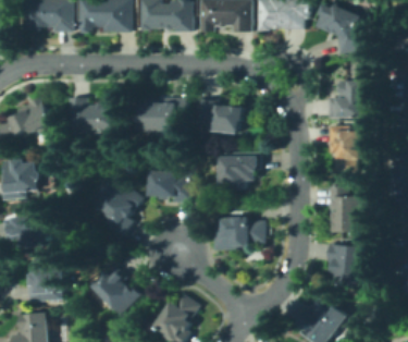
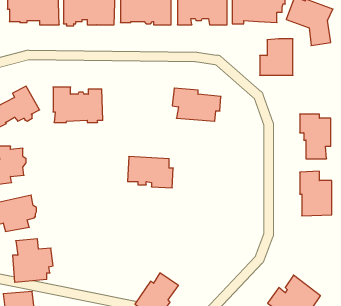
building: [326,81,361,119] -> [260,39,293,75]
building: [138,98,186,132] -> none
building: [218,152,258,191] -> none
building: [94,184,141,237] -> none
building: [212,217,263,251] -> none
building: [325,245,361,285] -> none
building: [89,265,139,315] -> none

